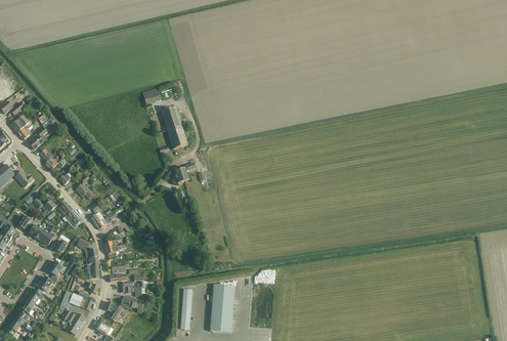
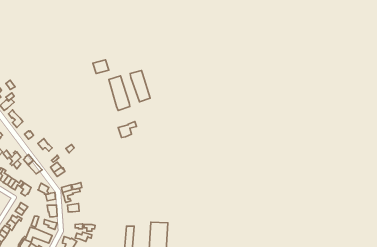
building: none -> [130,70,150,102]

